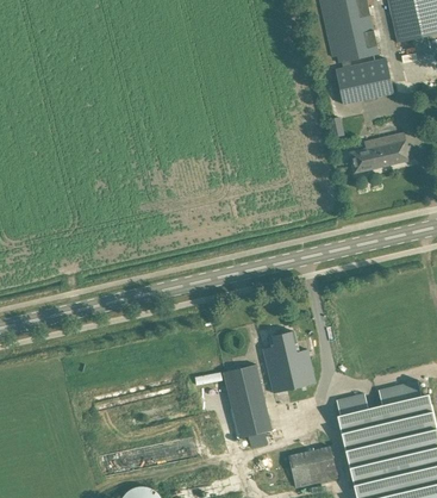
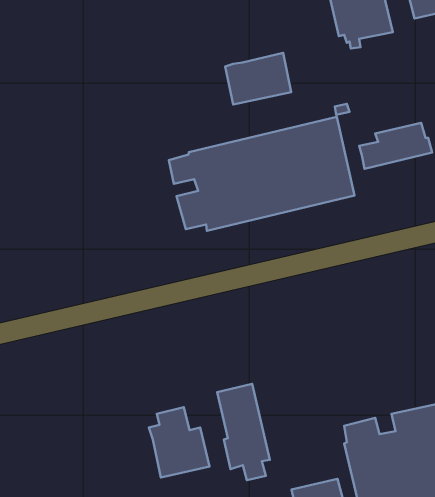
building: [335,57,393,102] -> [225,53,291,104]
building: none -> [169,117,355,231]
building: [262,330,316,392] -> [149,407,210,477]

